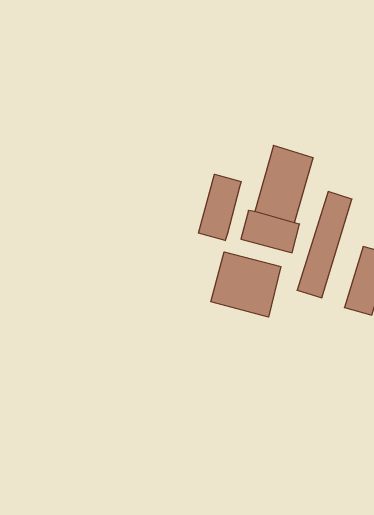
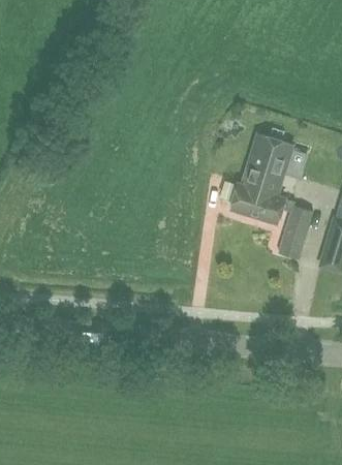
building: [199,174,241,241] -> none
building: [211,252,281,317] -> none

